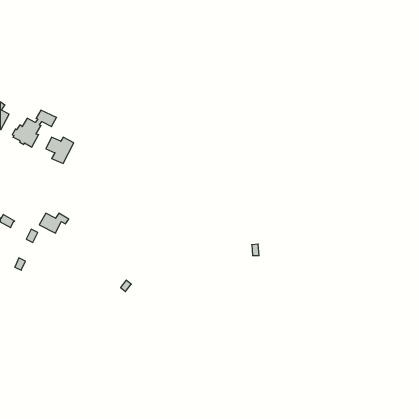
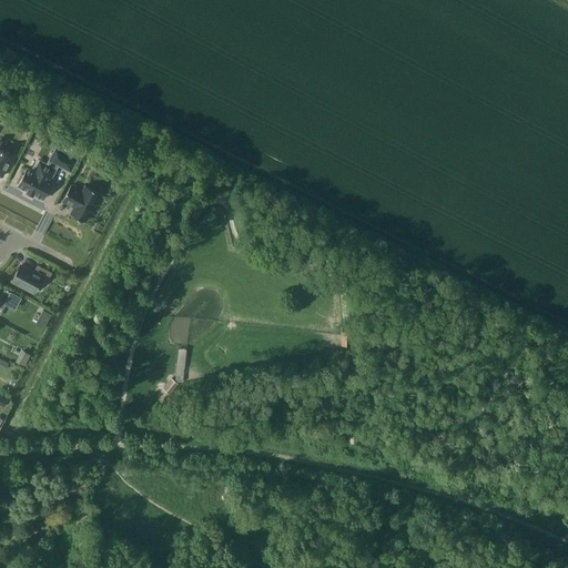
building: [39,213,69,233] -> [11,266,51,293]

